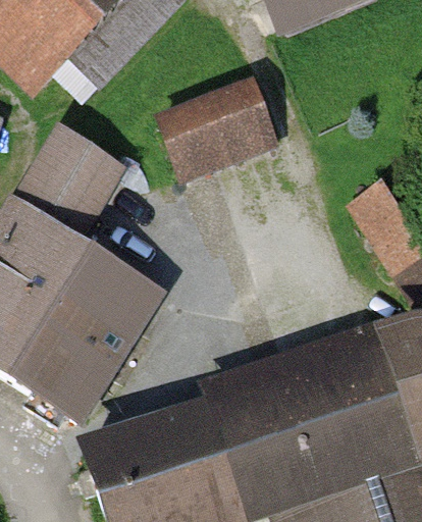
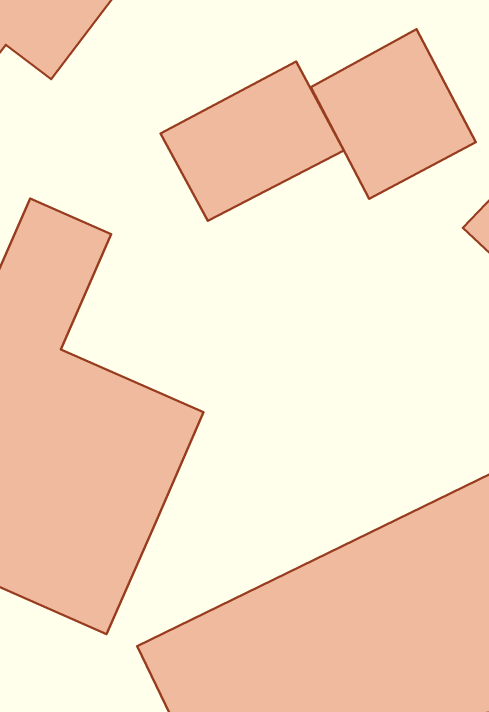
building: none -> [311,29,476,199]

